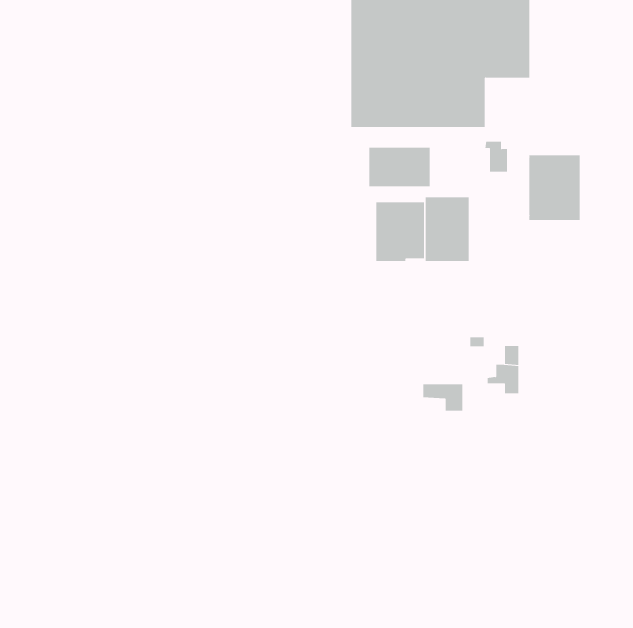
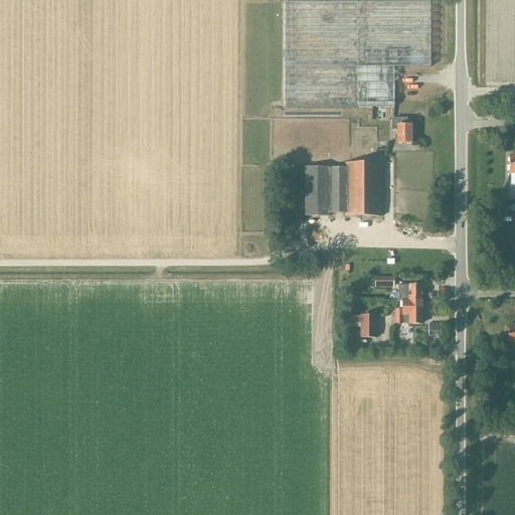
building: [369,147,430,187] -> none
building: [529,155,580,221] -> none

